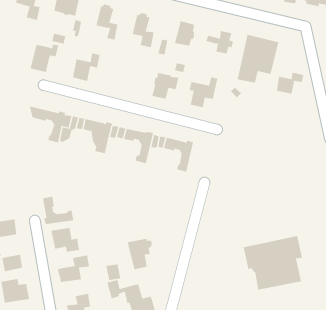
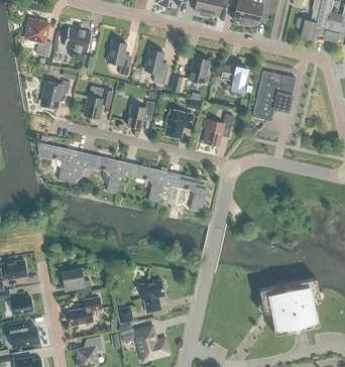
building: none -> [126,100,154,128]
building: [276,72,304,95] -> none
building: [43,196,74,225] -> none

